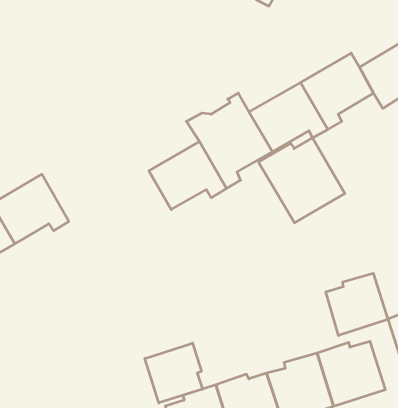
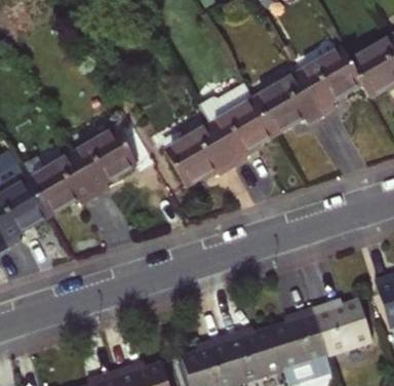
building: [259,138,345,223] -> none
building: none -> [73,127,136,194]
building: [326,273,388,336] -> none
building: [145,343,202,403] -> none

